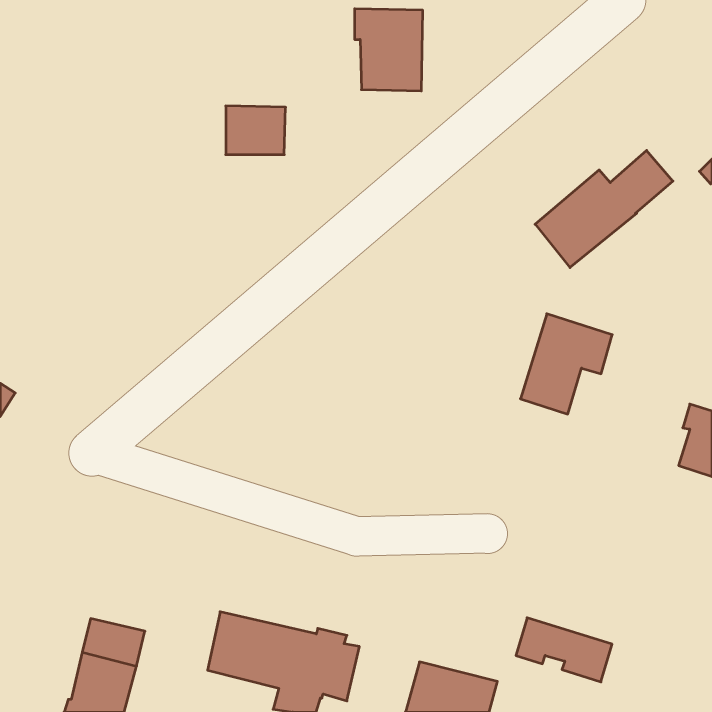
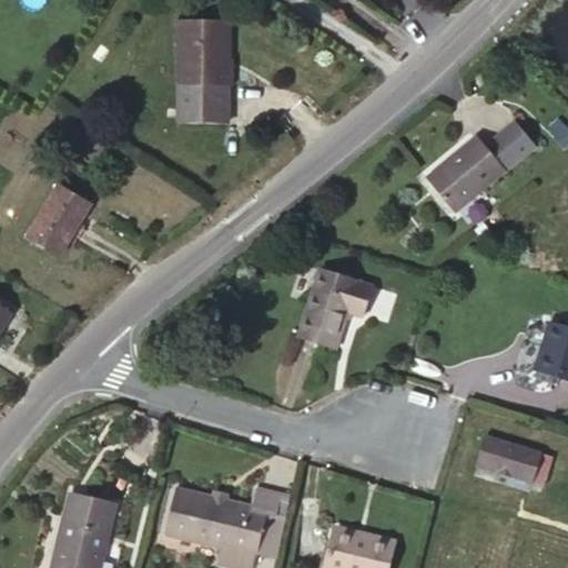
building: [355,9,423,91] -> [174,20,229,85]
building: none -> [29,185,90,254]
building: [520,314,612,414] -> [298,268,372,348]
building: [516,618,612,682] -> [475,435,551,486]

